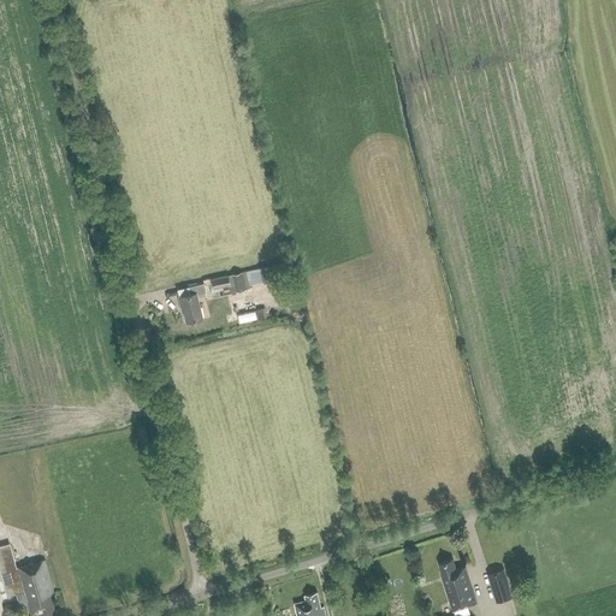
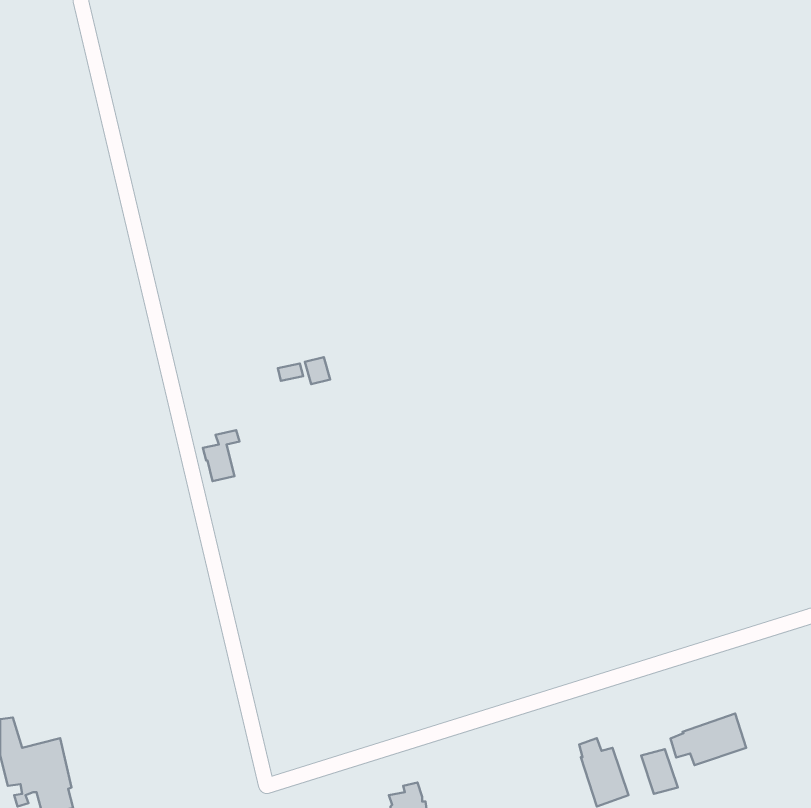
building: [178,285,206,324] -> [203,430,239,481]
building: none -> [670,714,746,765]

